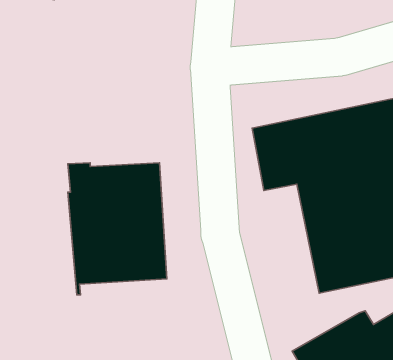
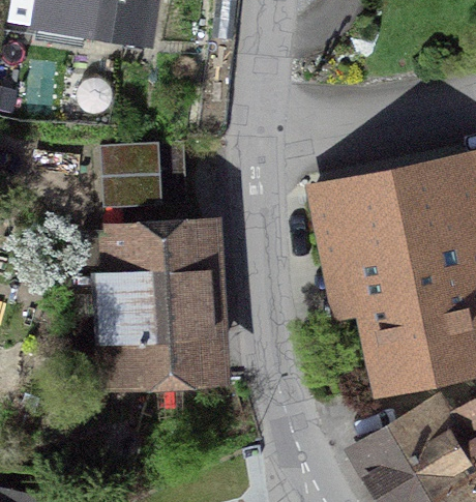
building: none -> [97,143,185,210]

